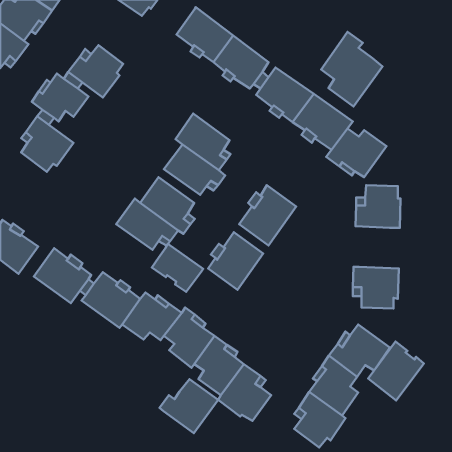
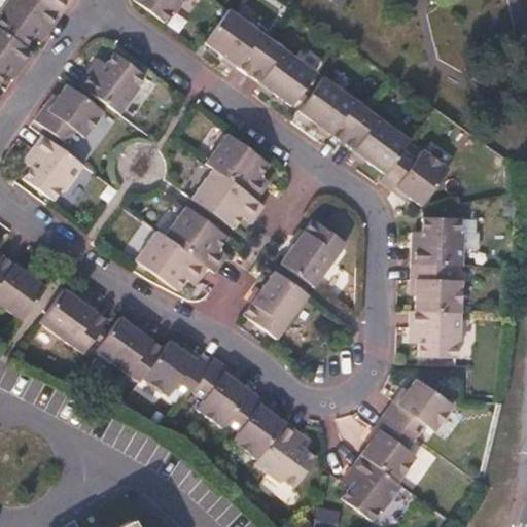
building: [321,32,383,106] -> none
building: none -> [413,262,464,312]
building: [152,244,203,292] -> none
building: [368,342,424,400] -> none
building: [160,379,218,433] -> none

